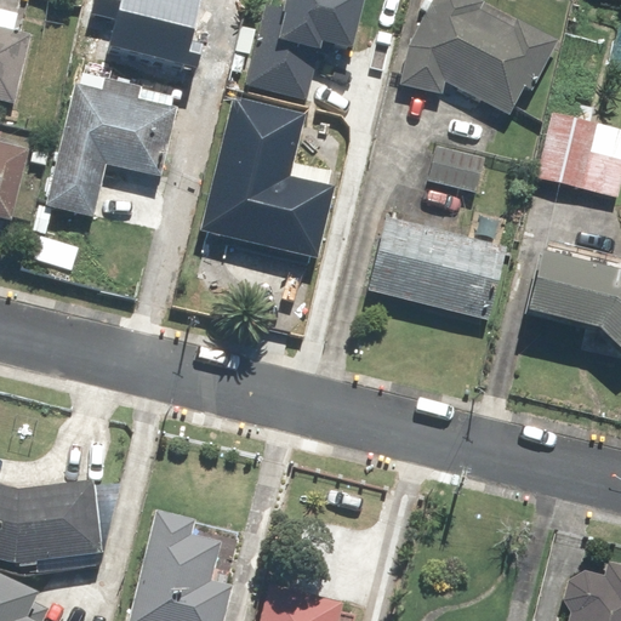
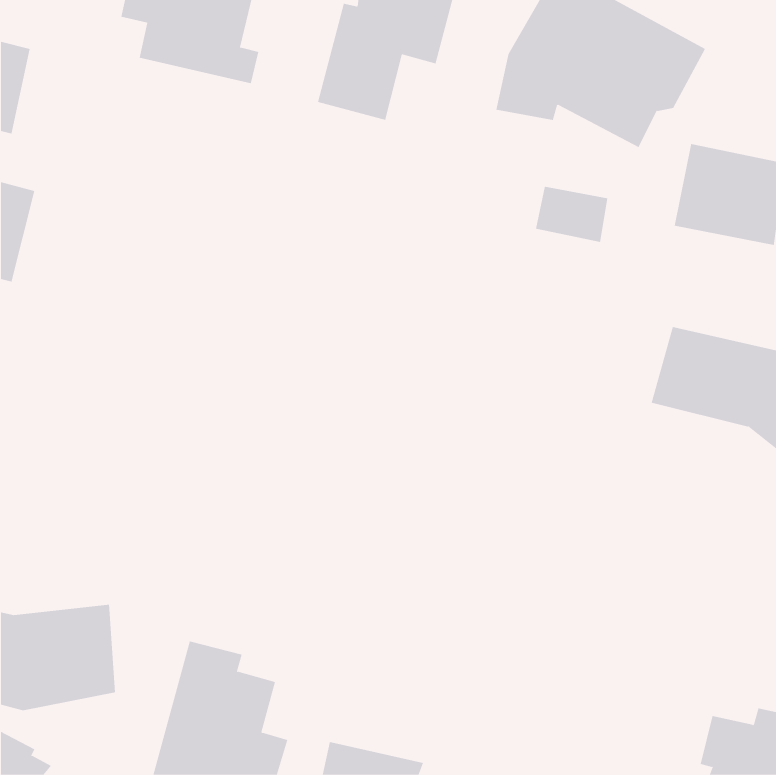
building: [45,63,180,220] -> none
building: [200,99,332,262] -> none
building: [369,221,500,315] -> none

